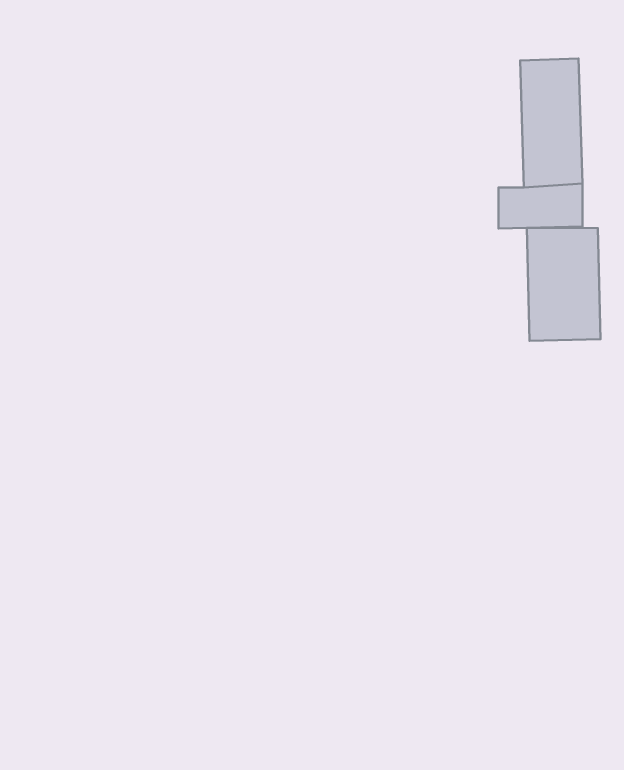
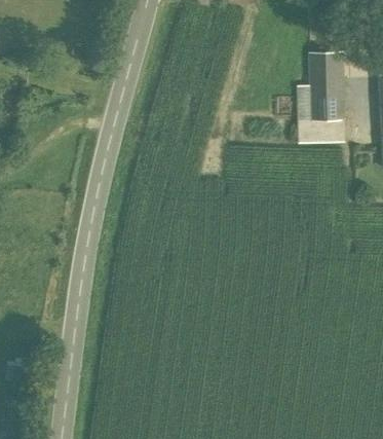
building: [527,228,600,341] -> none

